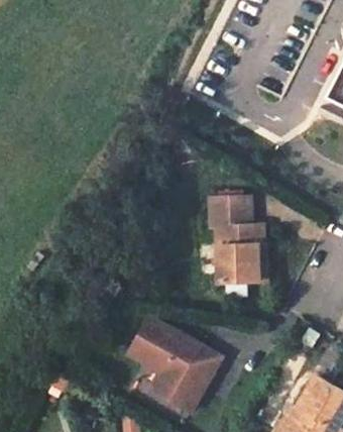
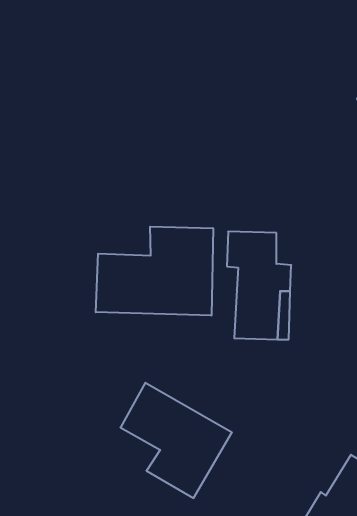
building: none -> [96,227,213,316]

